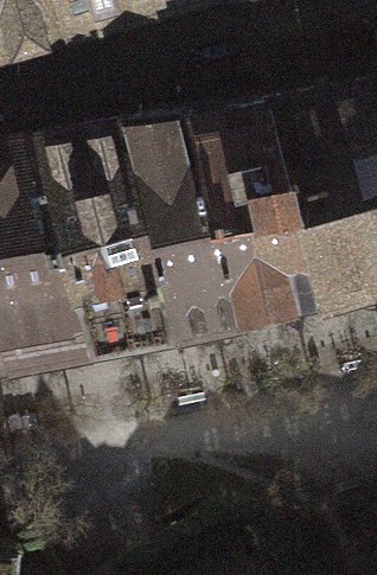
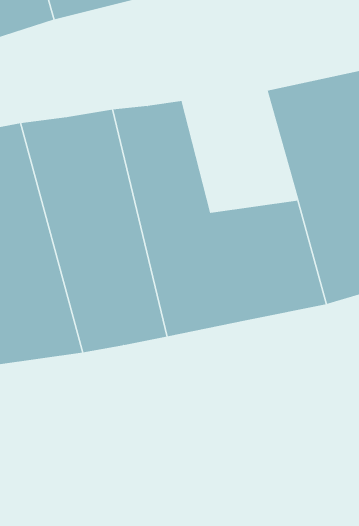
building: [186,109,296,225] -> none

